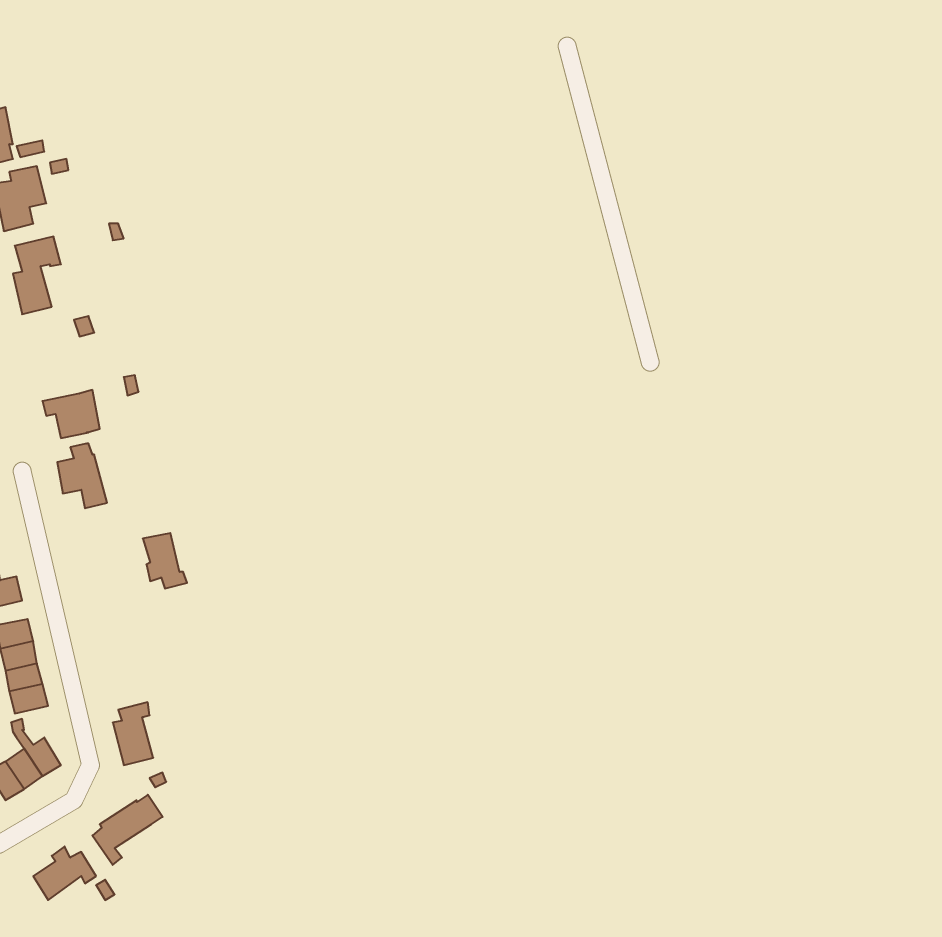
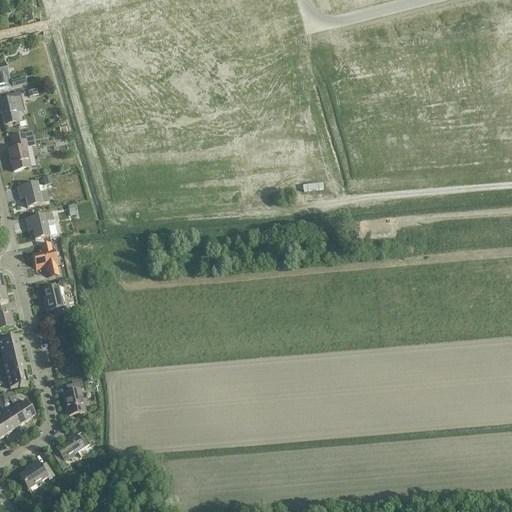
building: none -> [16,180,47,205]
building: [143,533,187,589] -> [41,284,65,314]

